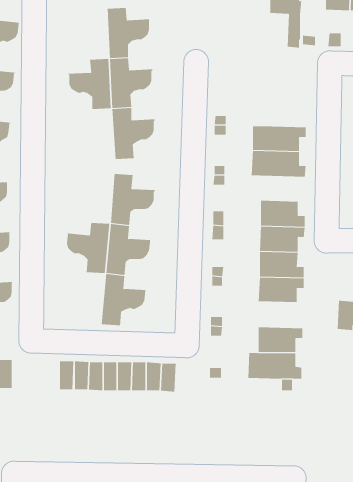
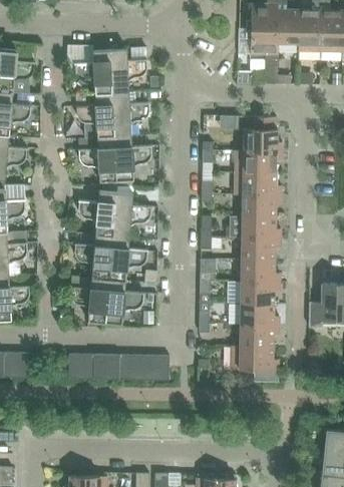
building: none -> [73,50,111,94]
building: none -> [236,119,282,152]
building: none -> [77,136,116,181]
building: none -> [78,190,115,235]
building: none -> [242,194,281,216]
building: none -> [70,278,108,323]
building: none -> [240,303,279,326]

